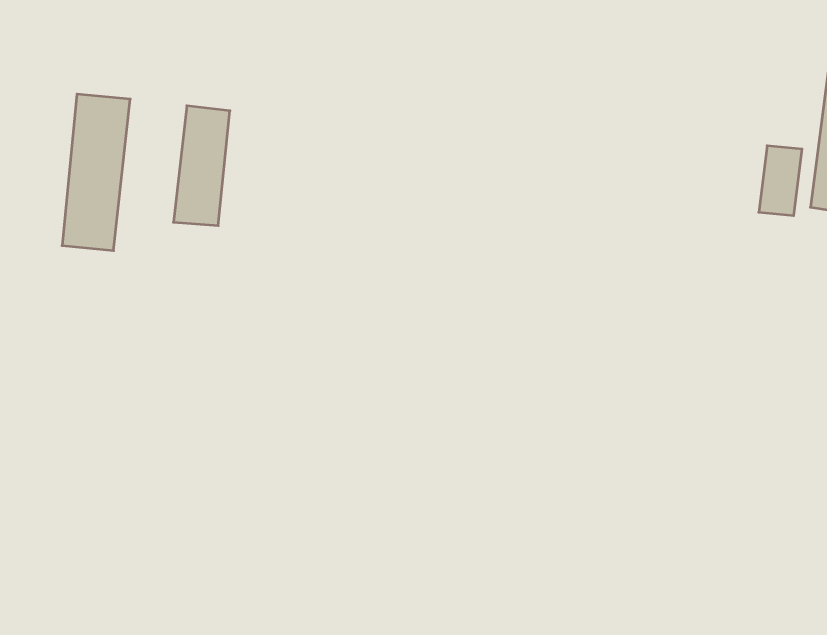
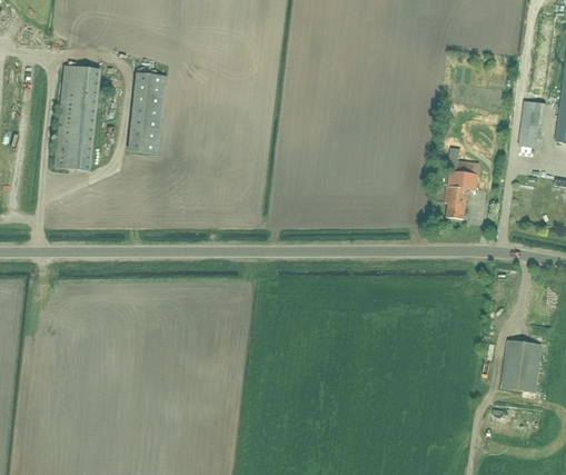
building: none -> [444,146,479,218]
building: none -> [502,338,542,390]

